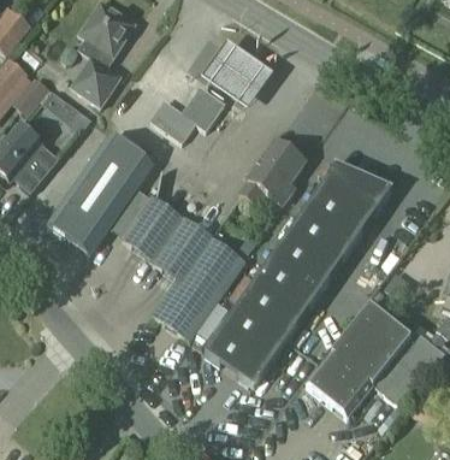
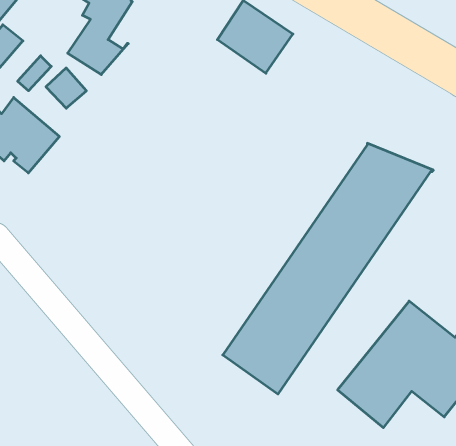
building: [149,85,224,141] -> none
building: [46,134,153,255] -> none
building: [238,140,304,202] -> none
building: [123,195,244,338] -> none

